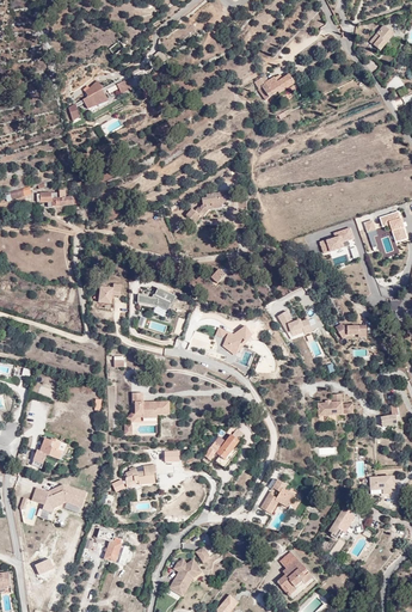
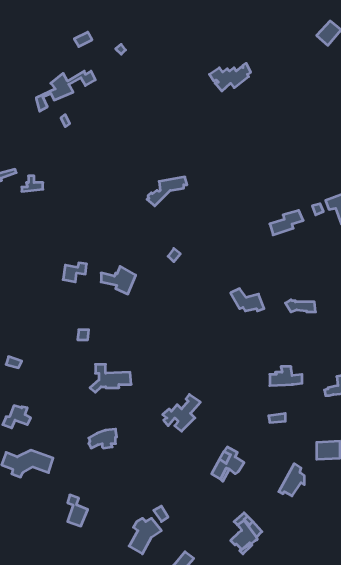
building: [214,325,252,354] -> none

